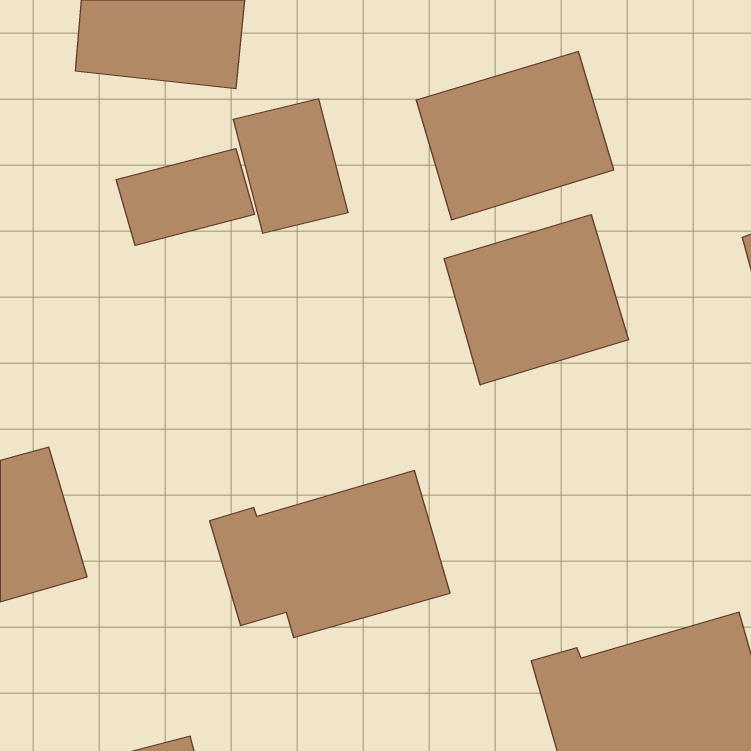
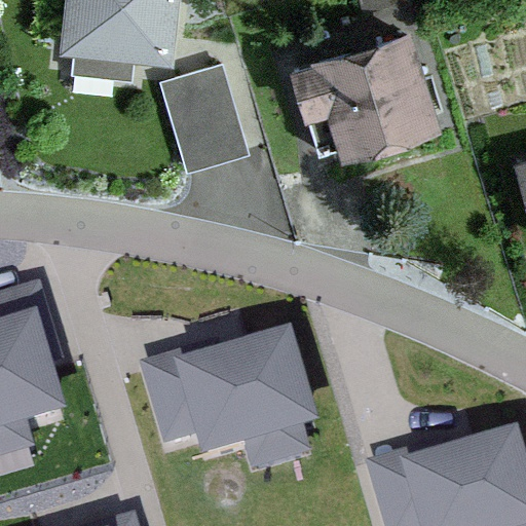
building: [116,149,255,245] -> none
building: [444,215,629,385] -> none

